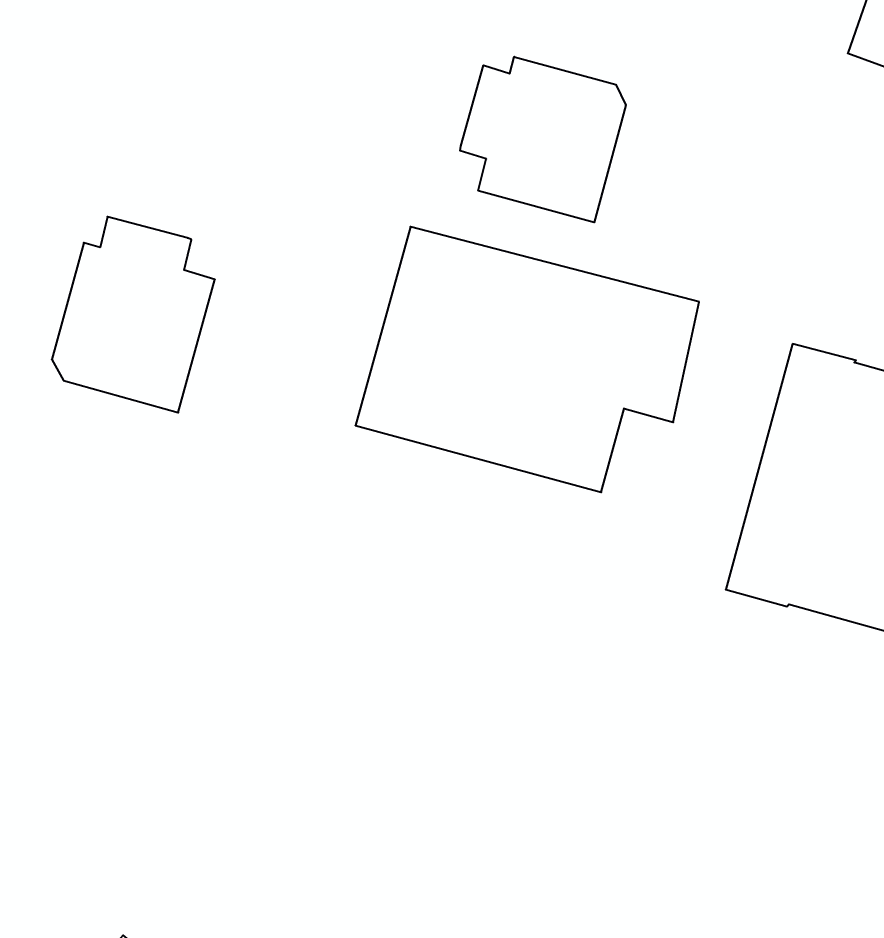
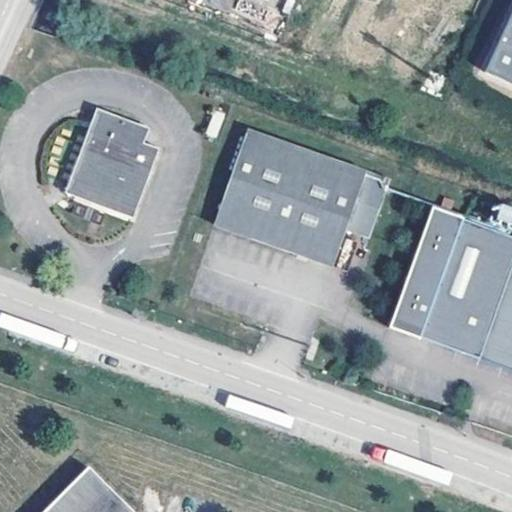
building: [460,57,626,222] -> none

